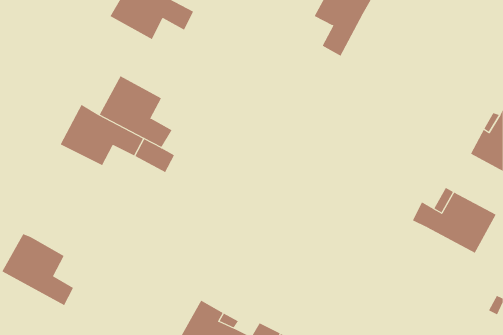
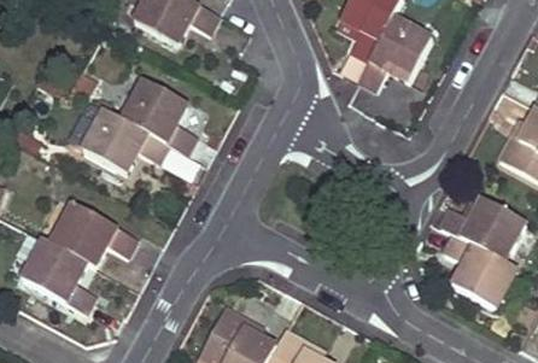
building: none -> [358,17,431,88]
building: none -> [53,204,139,267]
building: none -> [444,234,517,306]

